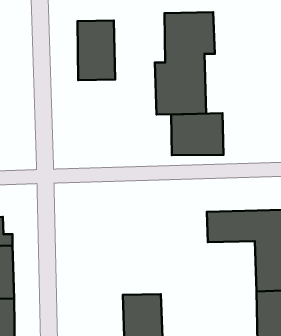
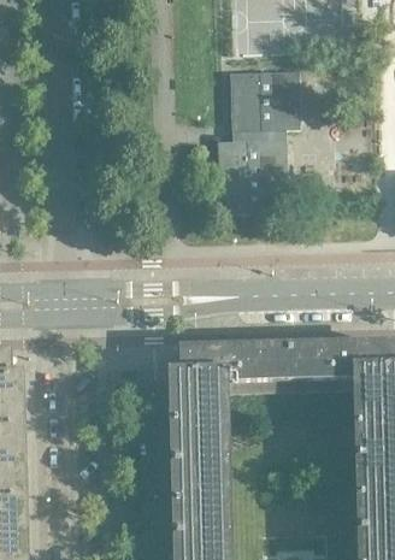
building: [78,21,115,80] -> none
building: [171,113,223,155] -> none
building: none -> [170,338,290,454]

